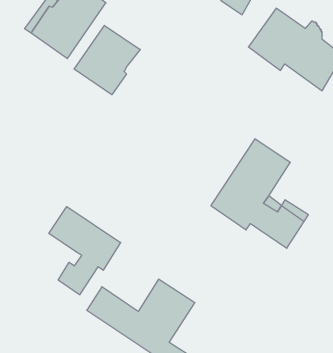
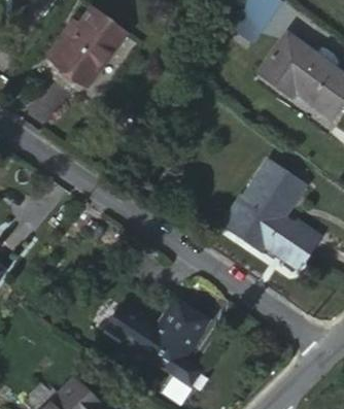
building: [74,25,140,95] -> none
building: [49,207,121,295] -> none

